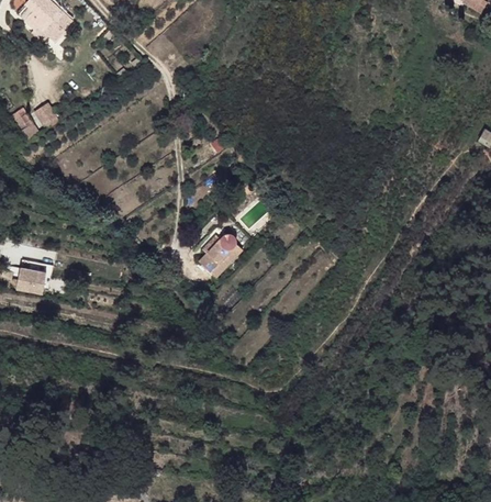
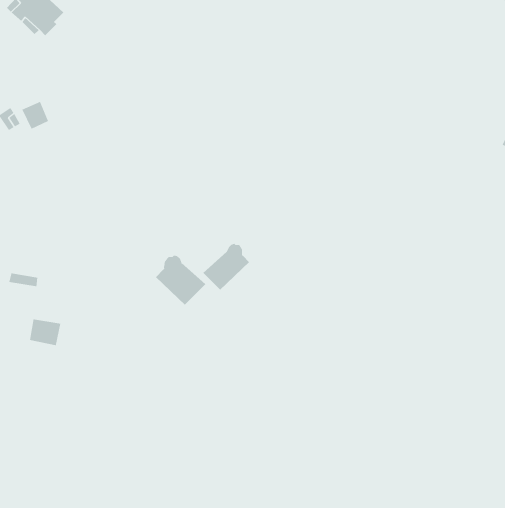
building: none -> [155,255,206,305]
building: [15,269,45,294] -> [29,319,61,346]

